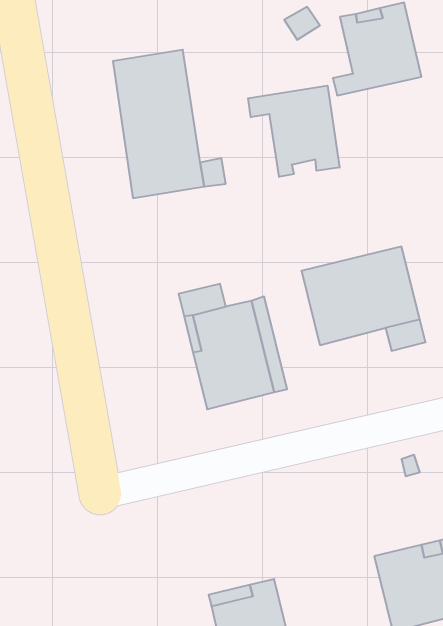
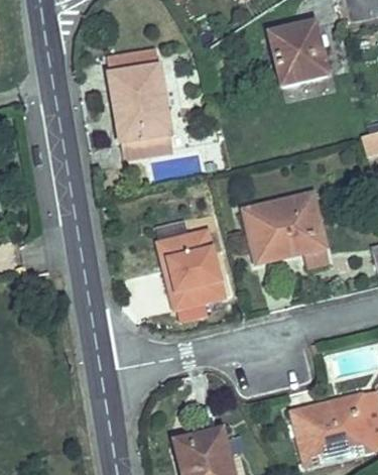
building: [248,86,340,177] -> none

